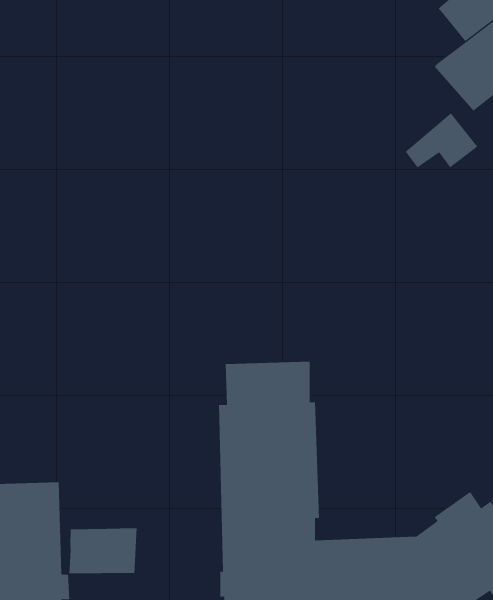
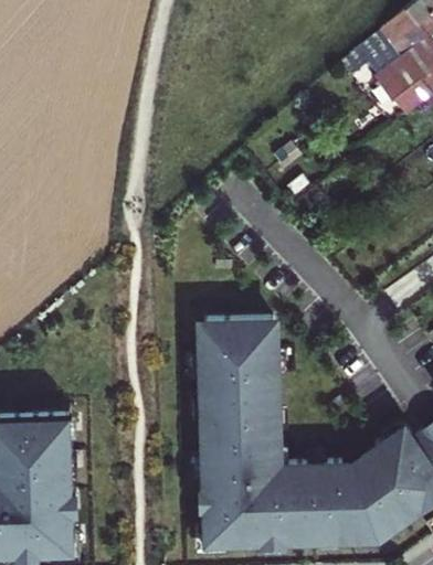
building: [405,112,478,168] -> [340,34,400,79]
building: [69,528,137,574] -> none

